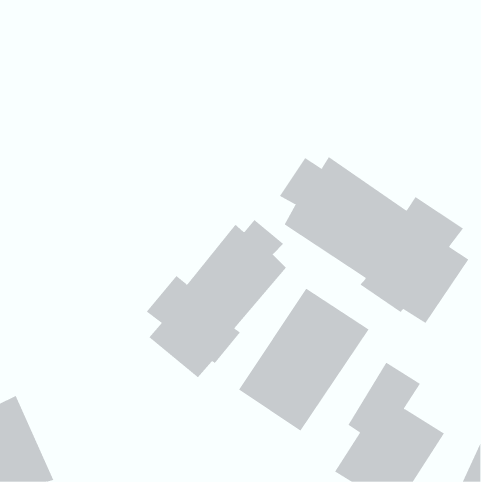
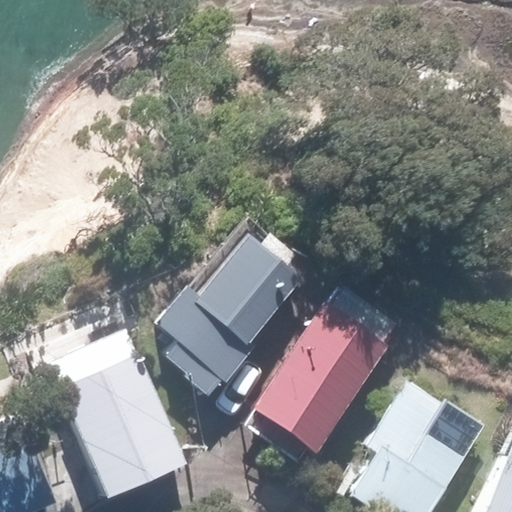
building: [279,156,469,324] -> none
building: none -> [51,332,184,495]

